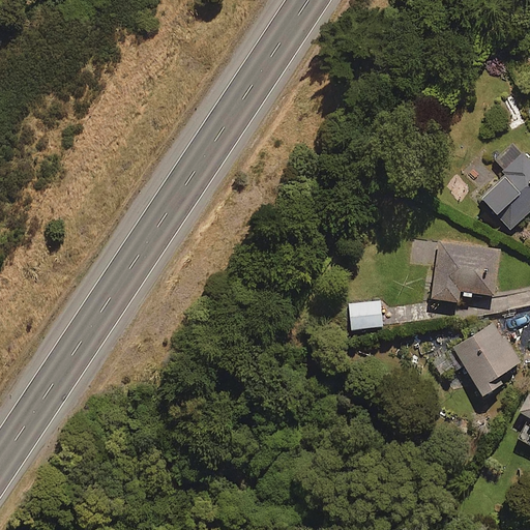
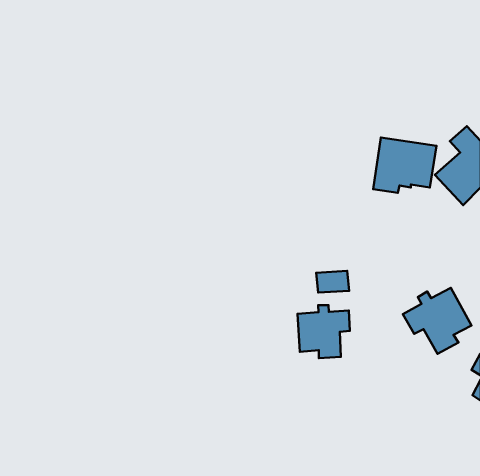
building: [432,241,501,302] -> [373,137,436,193]
building: none -> [298,305,350,358]

